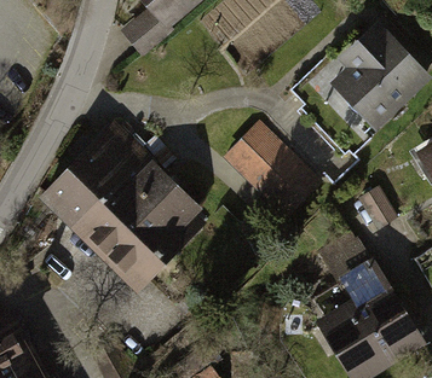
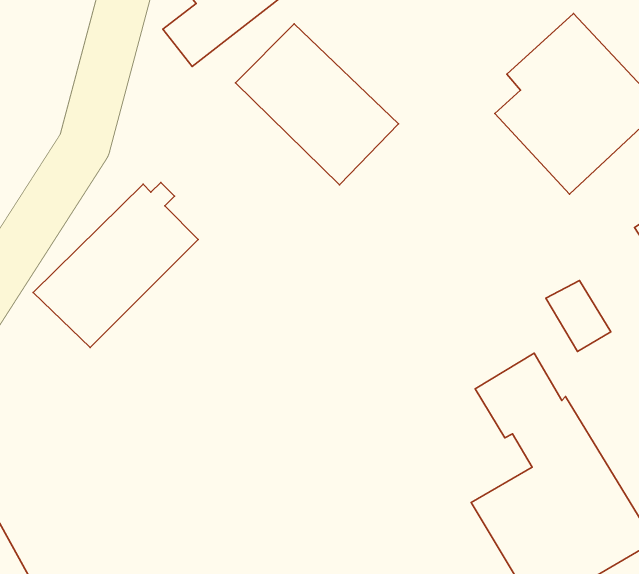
building: [223,122,323,221] -> [235,24,398,185]
building: [80,161,201,287] -> none

